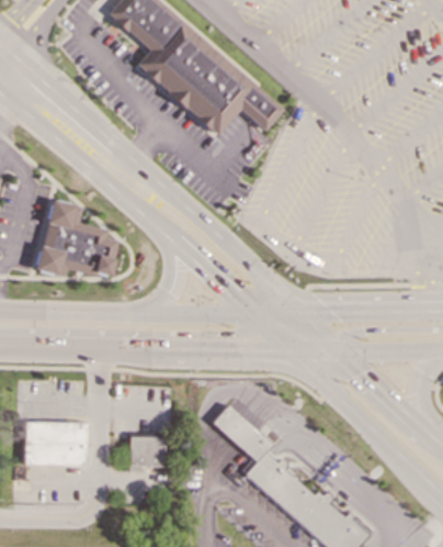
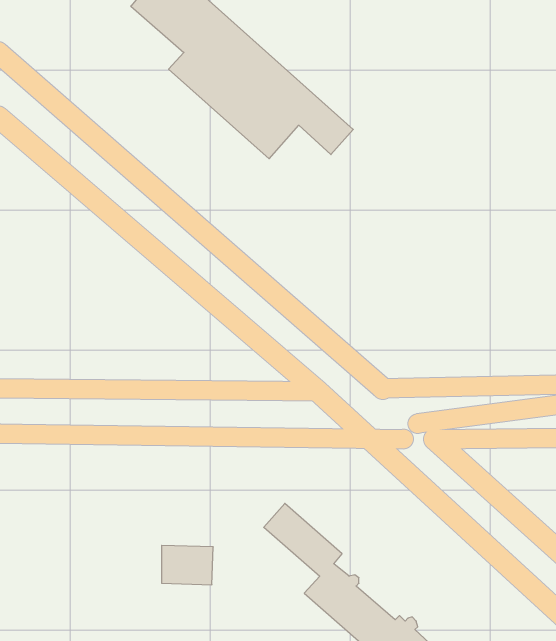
building: [36,201,117,277] -> none
building: [23,421,88,464] -> none

